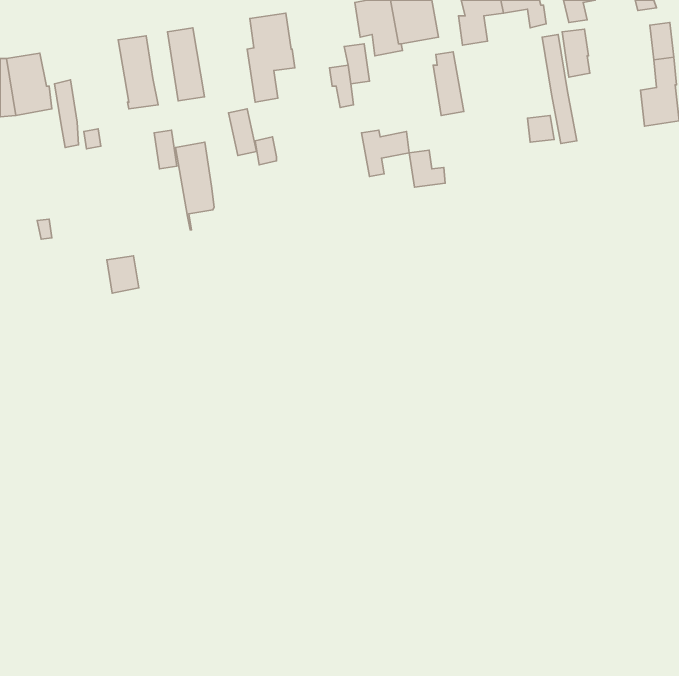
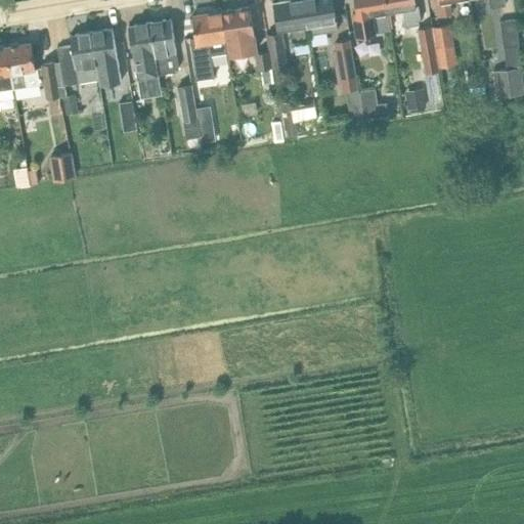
building: none -> [220,7,257,55]
building: none -> [57,33,99,86]
building: [176,142,214,230] -> [148,19,178,87]
building: [409,150,445,187] -> [359,90,387,119]
building: [107,256,139,293] -> [50,155,75,183]

